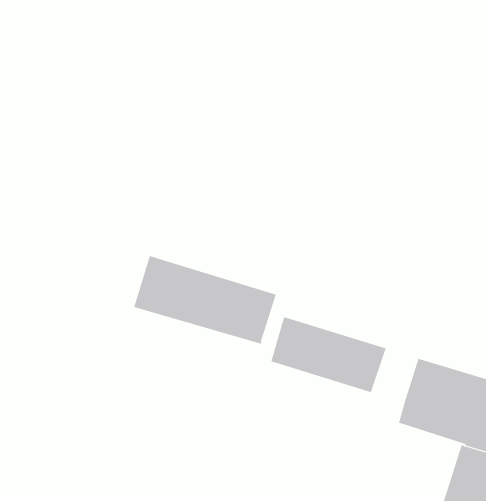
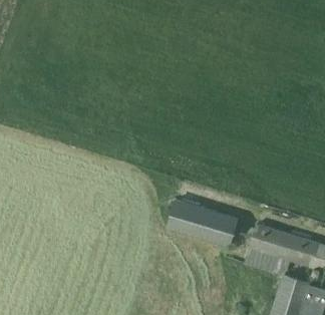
building: [133,255,276,345] -> none

